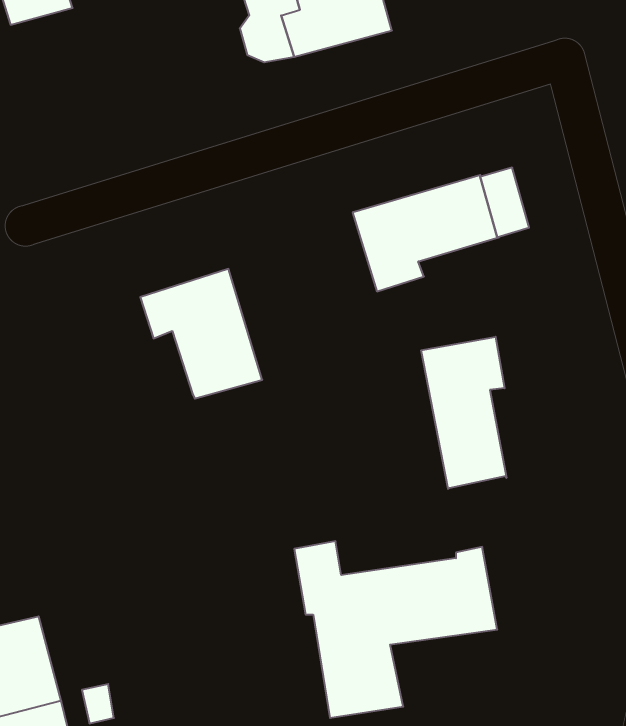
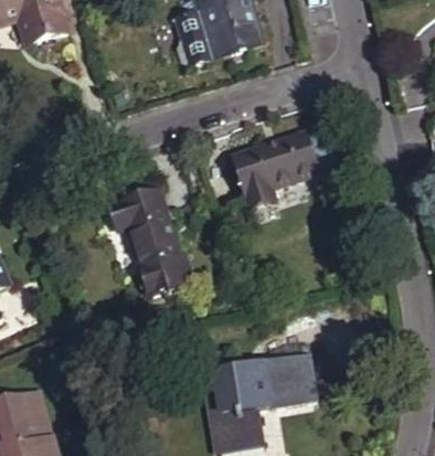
building: [421,337,506,489] -> none
building: none -> [135,250,191,291]

